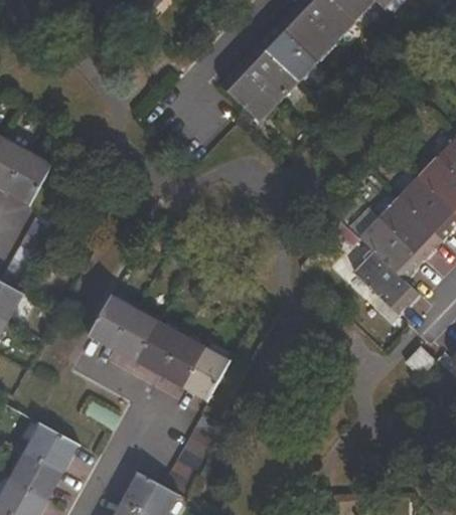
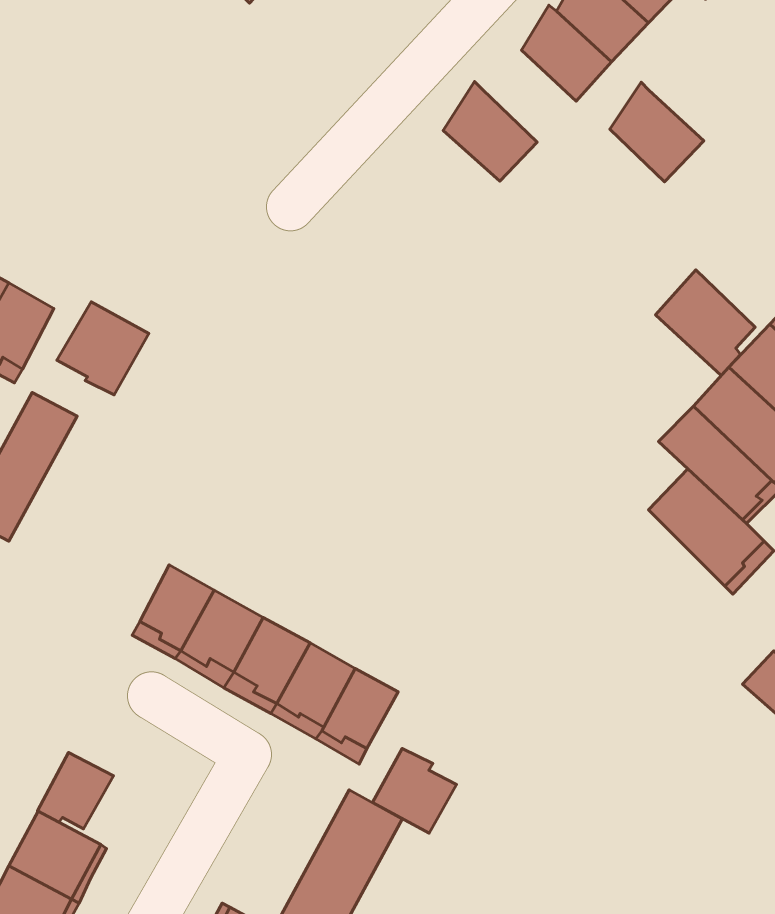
building: [270,29,318,80] -> [610,82,704,182]
building: [232,70,279,121] -> none
building: none -> [655,270,755,375]
building: none -> [57,302,149,395]
building: none -> [372,748,456,833]
building: none -> [38,753,114,829]

